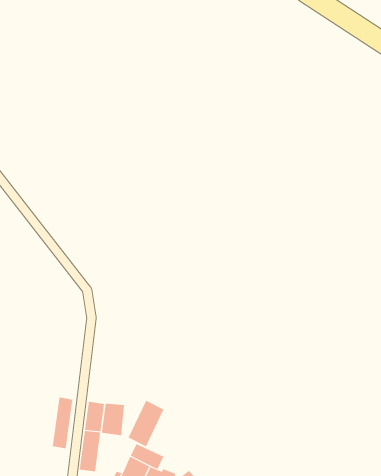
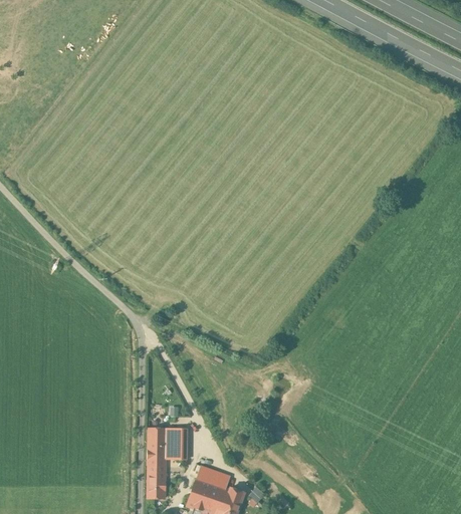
building: [52,397,73,449] -> none
building: [128,400,164,447] -> none

